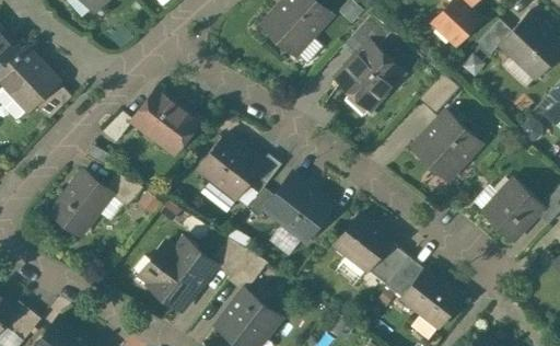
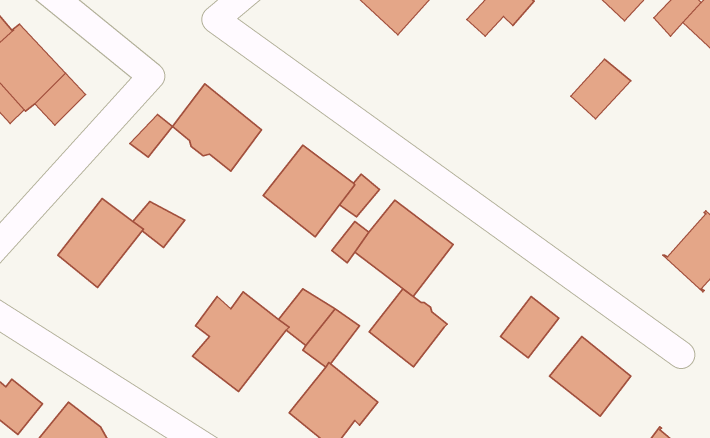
building: [335,43,401,105] -> none
building: [413,113,479,178] -> none
building: [335,216,390,272] -> [369,289,447,367]
building: [385,258,424,300] -> none

